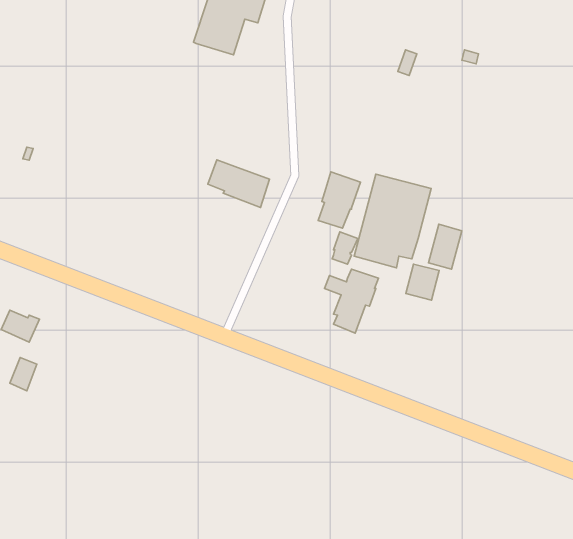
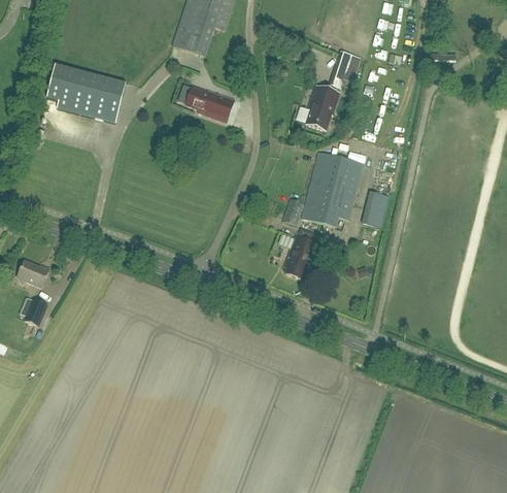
building: none -> [46,64,125,122]
building: [208,160,269,207] -> [184,84,234,122]
building: [318,172,360,228] -> [305,84,339,129]
building: [406,264,439,300] -> none

